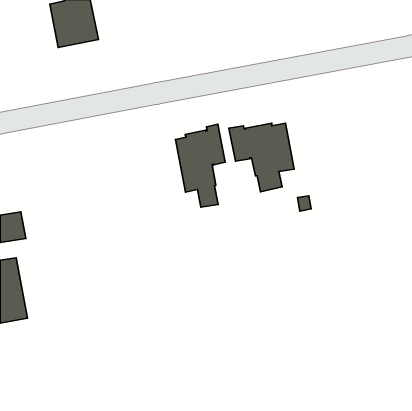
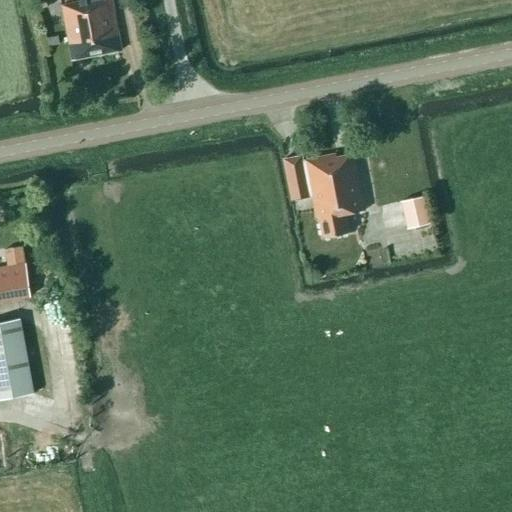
building: [175,124,225,207] -> none
building: none -> [400,194,432,228]

